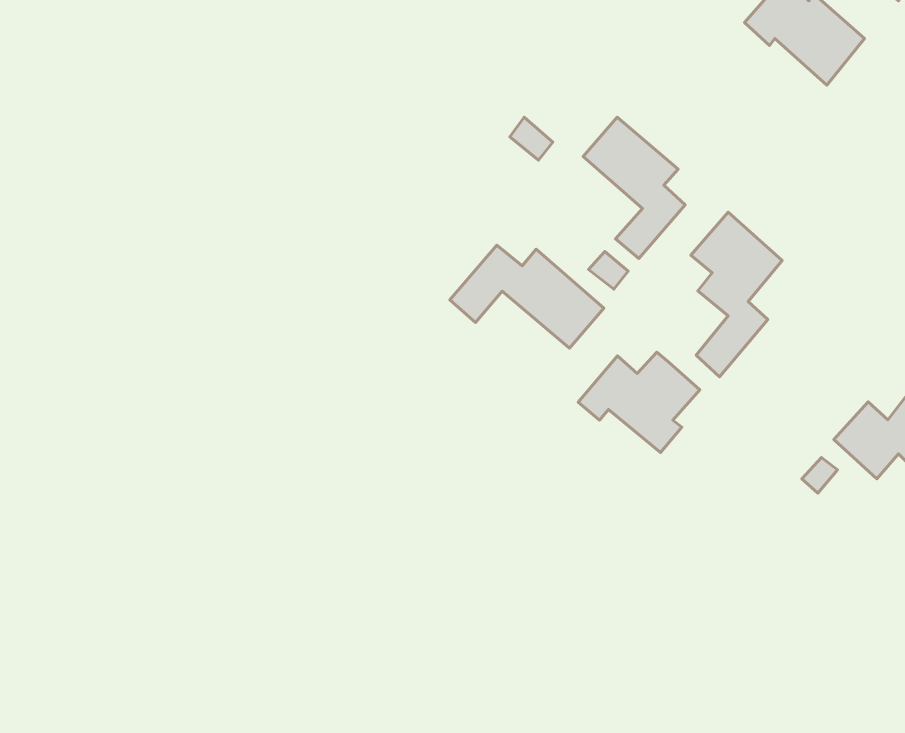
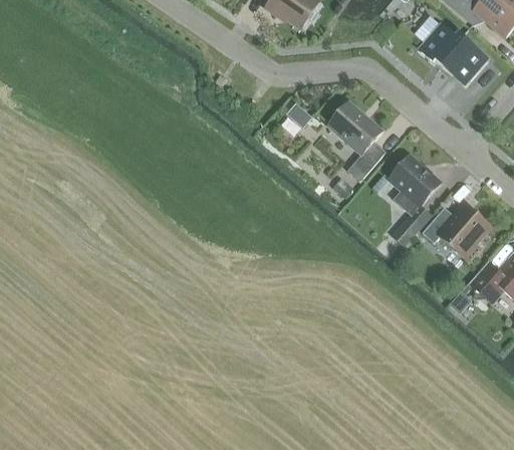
building: [450,245,604,348] -> none
building: [578,352,700,452] -> [422,205,490,261]

